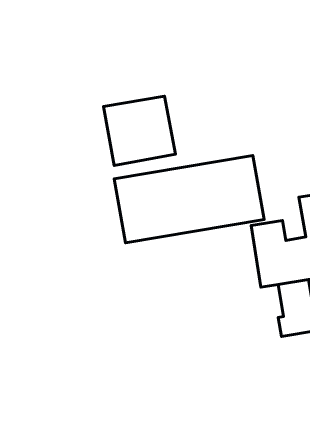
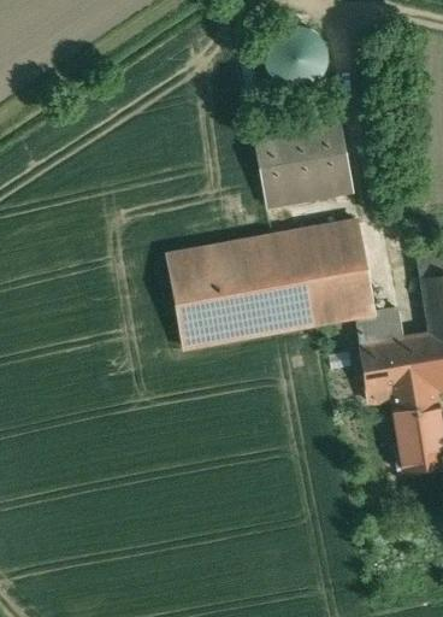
building: none -> [266,29,325,88]
building: [104,96,176,165] -> [253,112,353,208]

